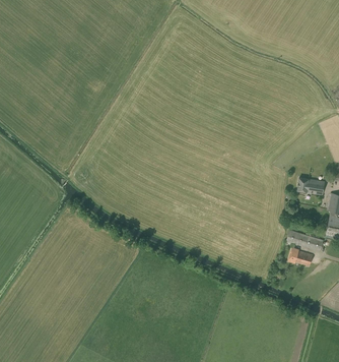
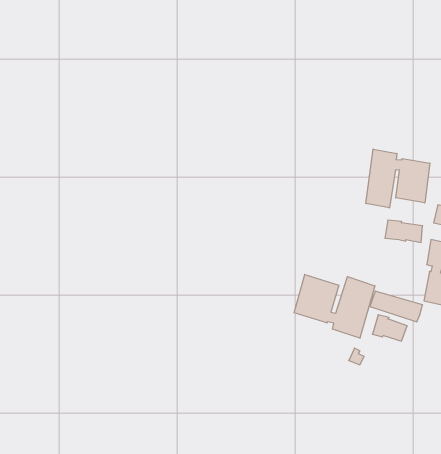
building: none -> [366,149,430,208]
building: none -> [294,274,375,338]

